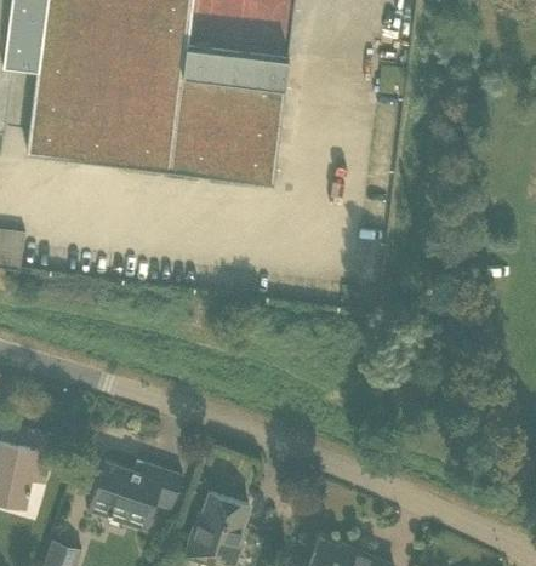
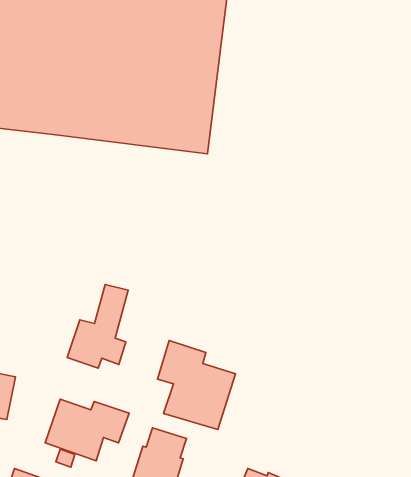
building: none -> [67,284,128,368]
building: none -> [158,341,235,430]

